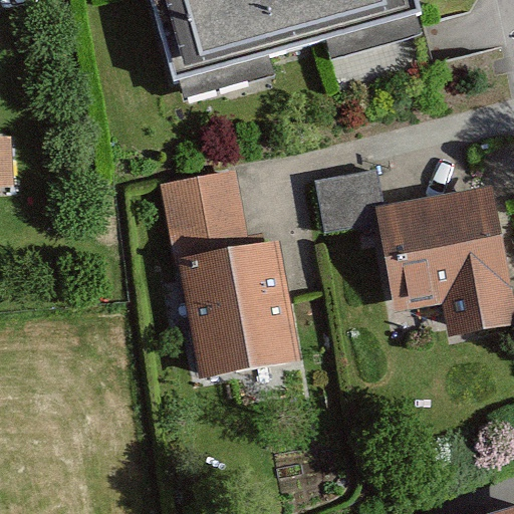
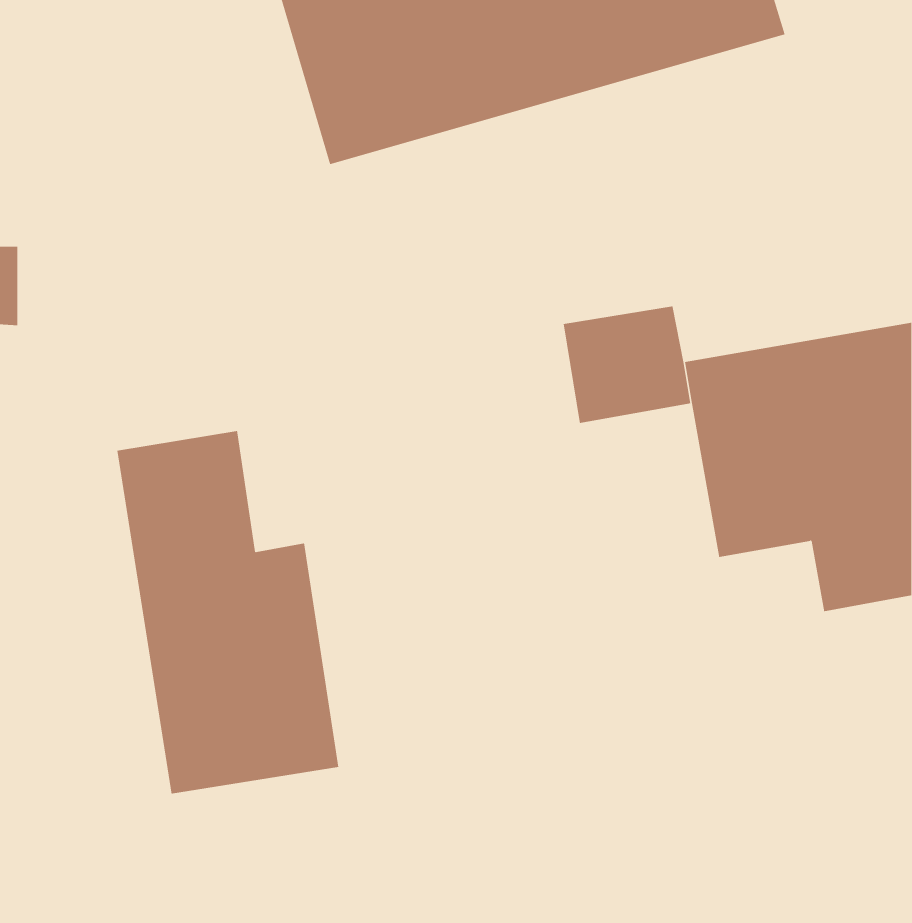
building: [168,179,291,380] -> [117,431,339,794]

